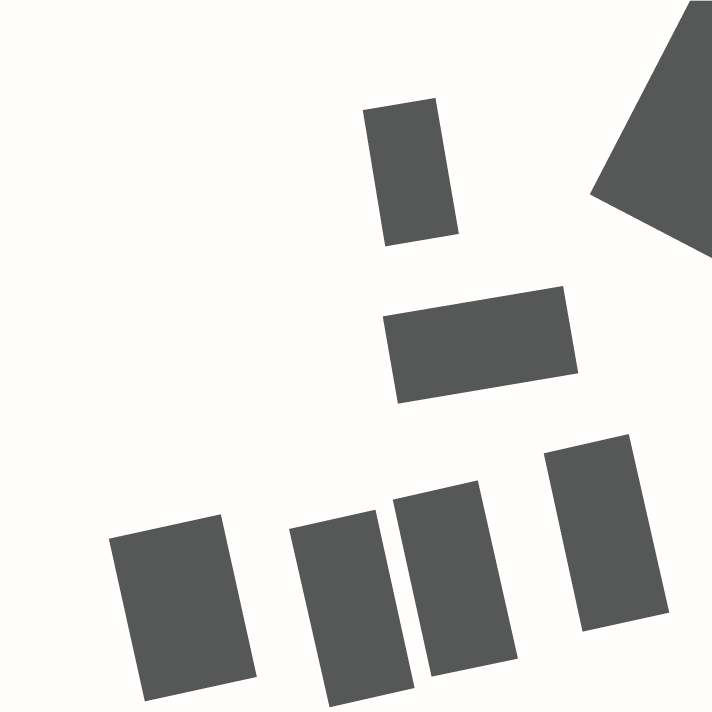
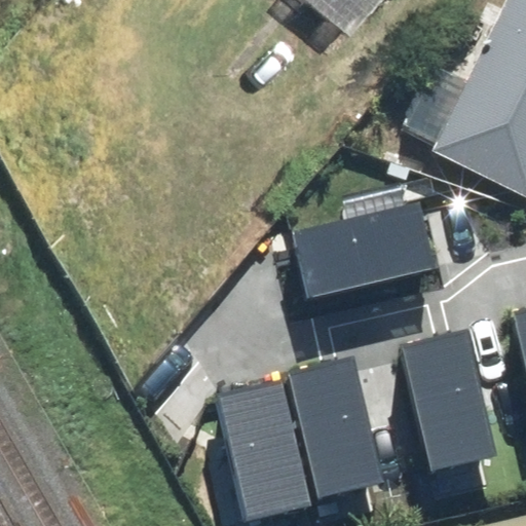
building: [362,97,459,247] -> none
building: [108,514,258,702] -> none

